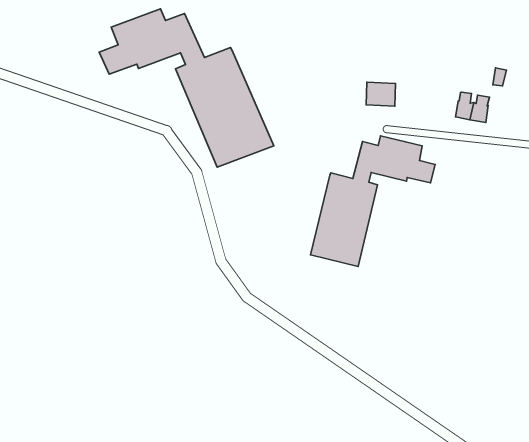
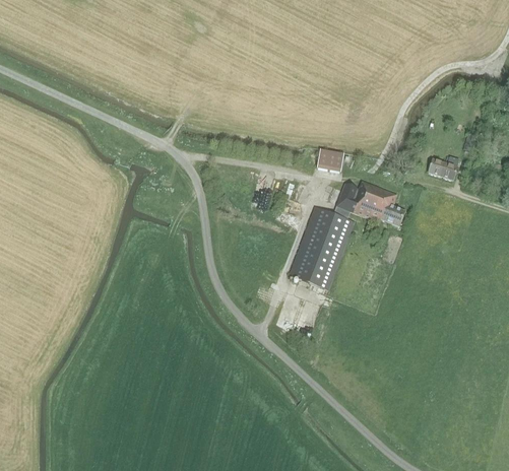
building: [99,9,274,167] -> none
building: [366,82,395,106] -> [315,148,342,172]

